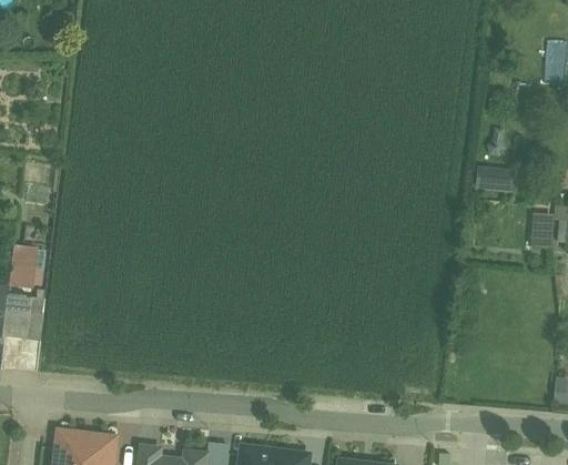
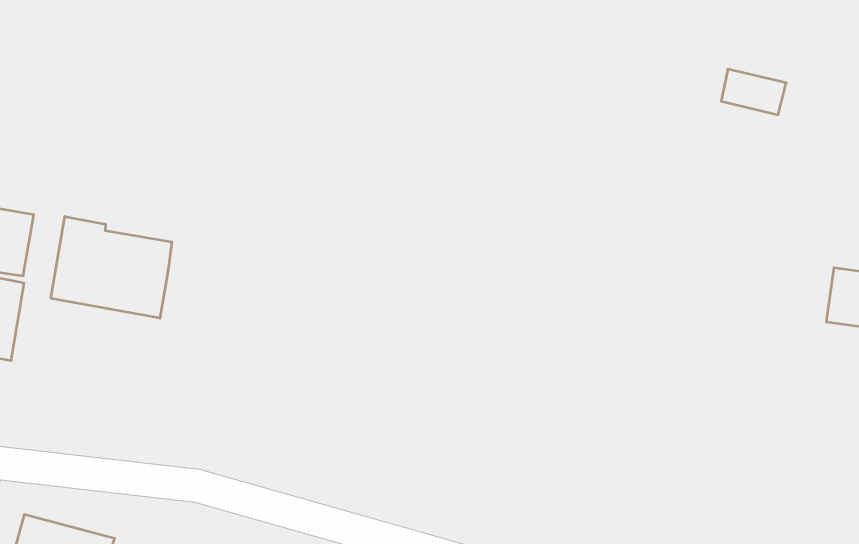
building: [477,166,515,190] -> [721,69,786,115]
building: none -> [51,216,172,318]

